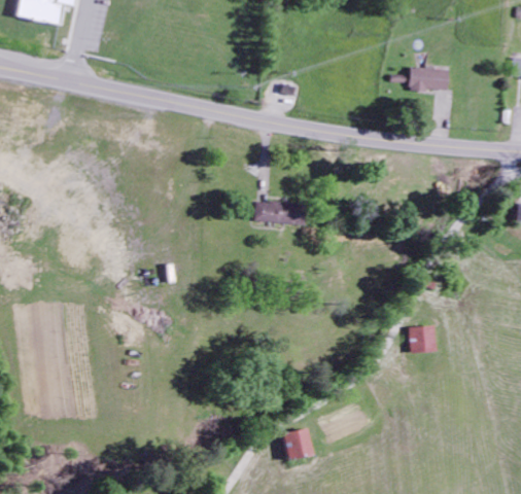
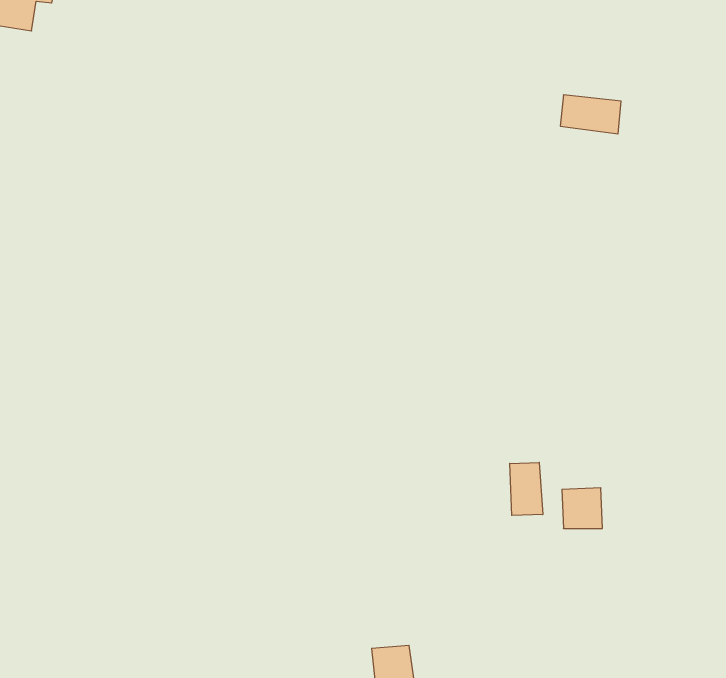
building: [253,201,305,223] -> none
building: none -> [510,462,543,515]

